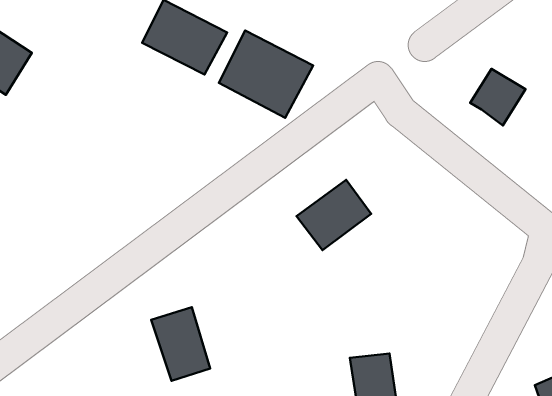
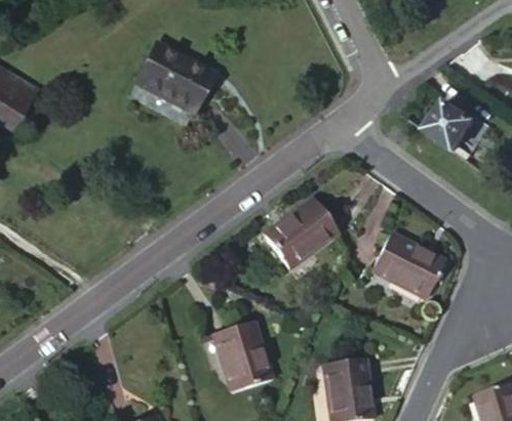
building: [219,30,313,118] -> none
building: none -> [377,239,448,303]
building: [151,307,210,381] -> [212,321,266,387]

